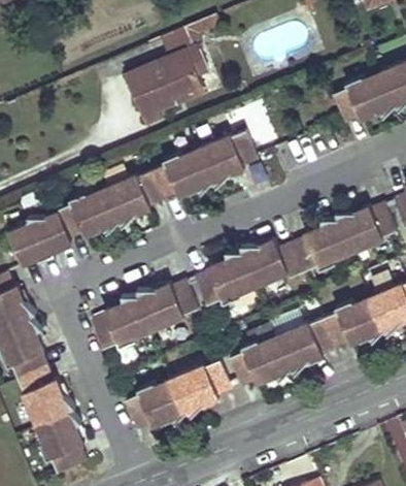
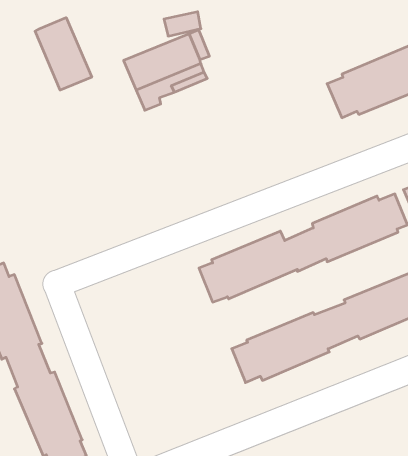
building: none -> [35,18,92,90]
building: [9,132,251,264] -> none
building: [93,281,202,354] -> none
building: [126,358,235,431] -> none

